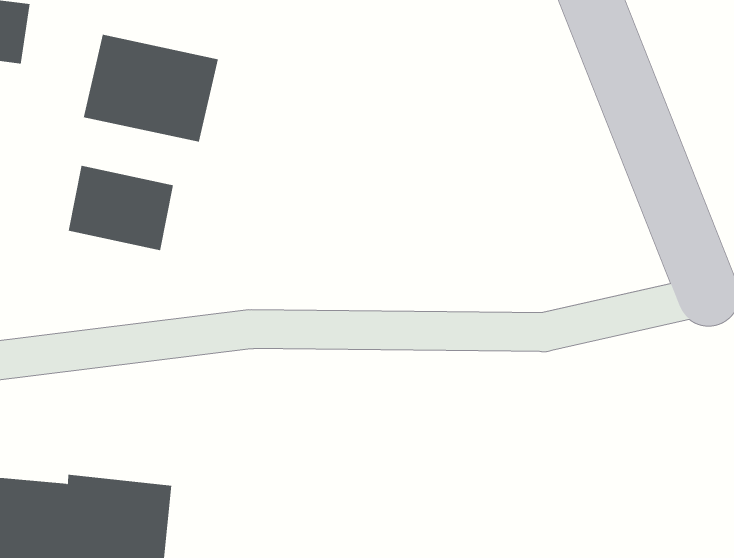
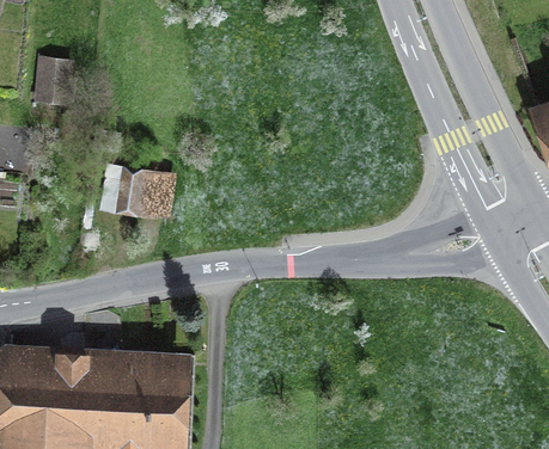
building: [83,34,219,142] -> none

